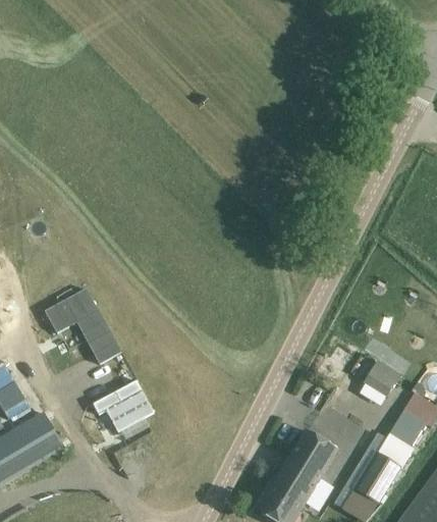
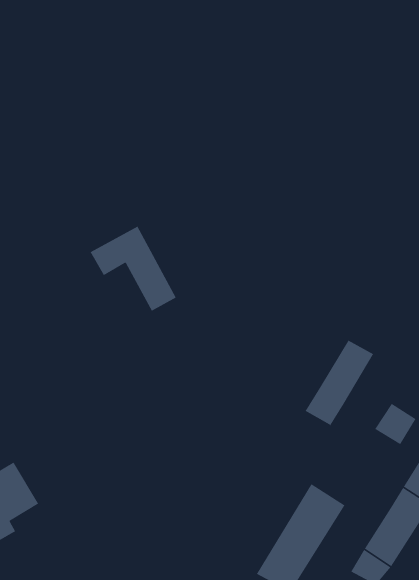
building: [44,288,121,364] -> [90,226,177,312]
building: none -> [305,339,374,427]
building: [92,379,154,432] -> none

